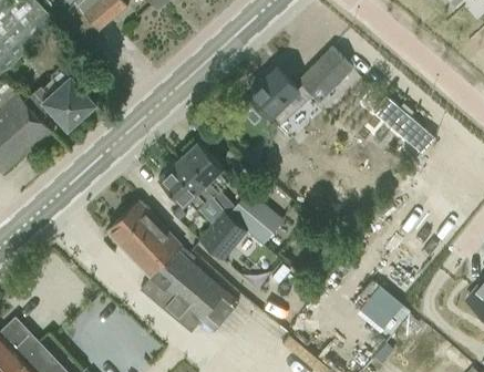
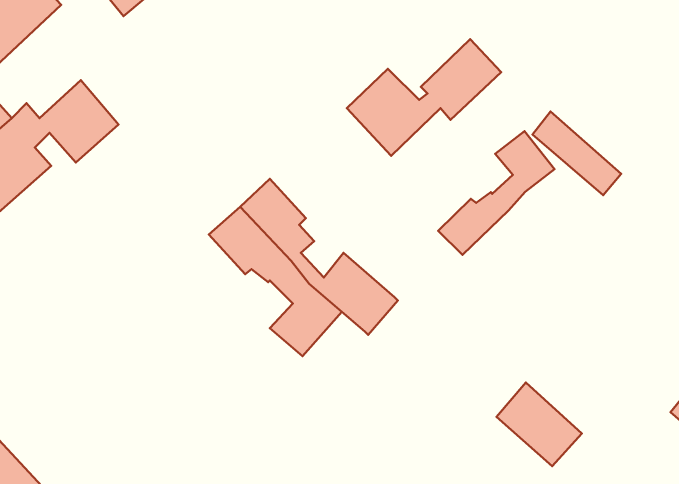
building: none -> [438,131,555,255]
building: [106,202,236,332] -> none

